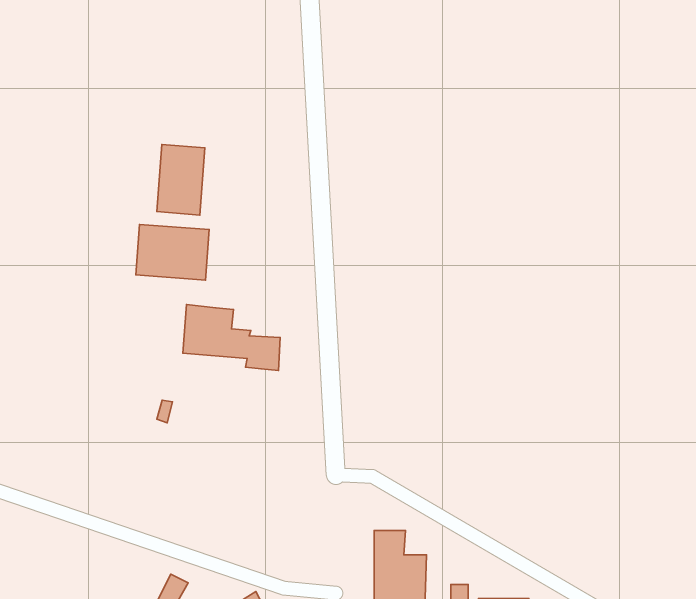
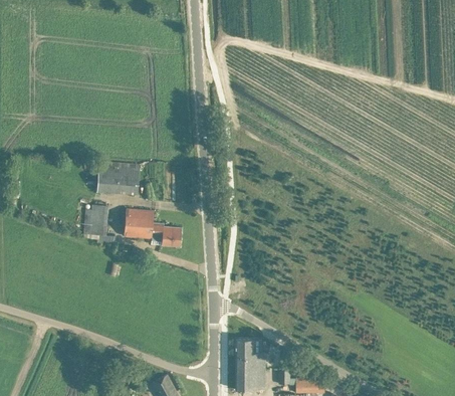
building: [157,144,205,215] -> none
building: none -> [84,205,108,236]

